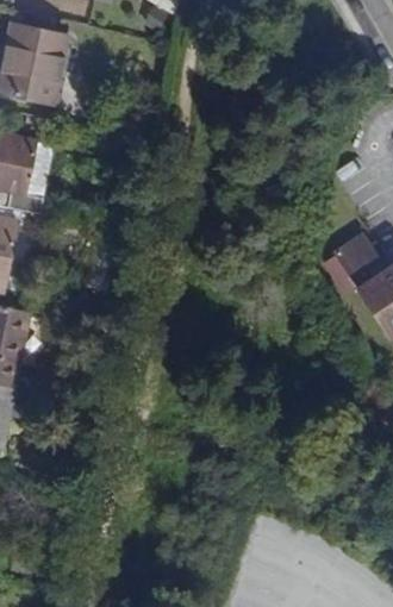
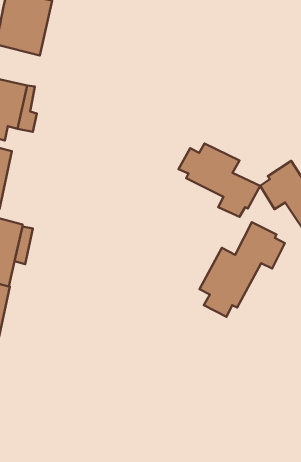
building: none -> [179,143,260,217]
building: none -> [200,222,285,317]

